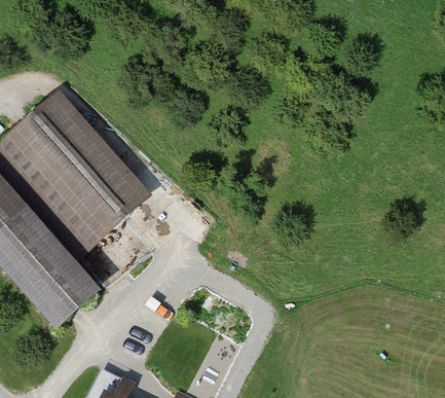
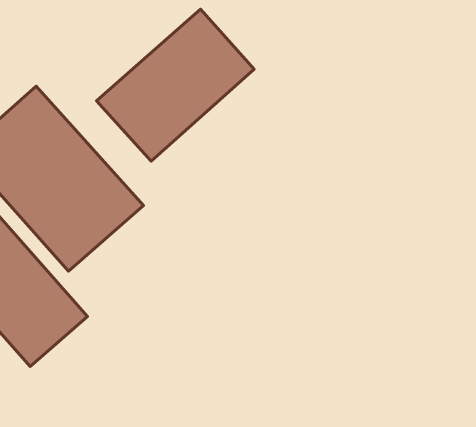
building: none -> [96,9,254,161]

